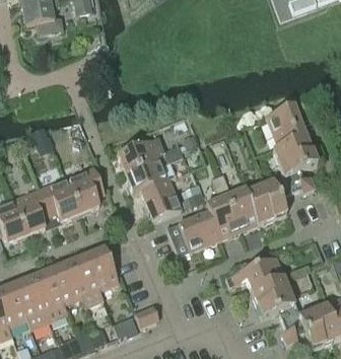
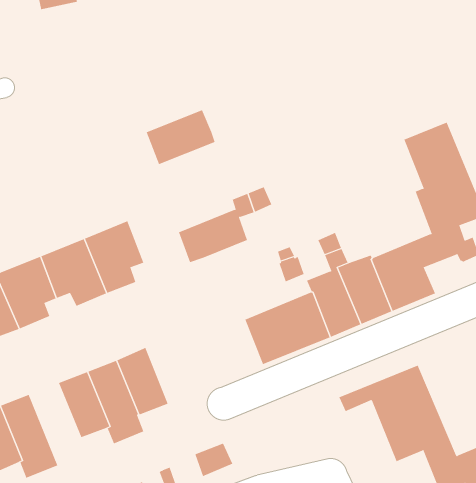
building: [118,139,161,173] -> [146,110,215,165]
building: [142,178,182,219] -> none
building: [32,268,69,319] -> none

